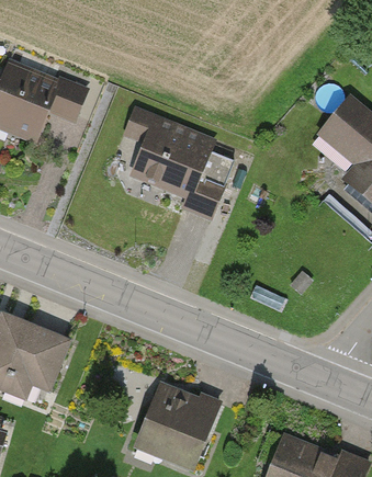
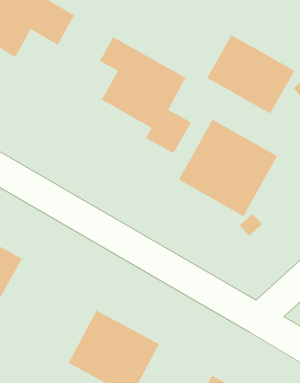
building: none -> [206,34,296,114]
building: none -> [178,119,278,217]

